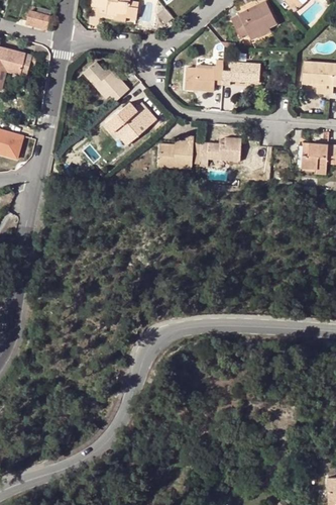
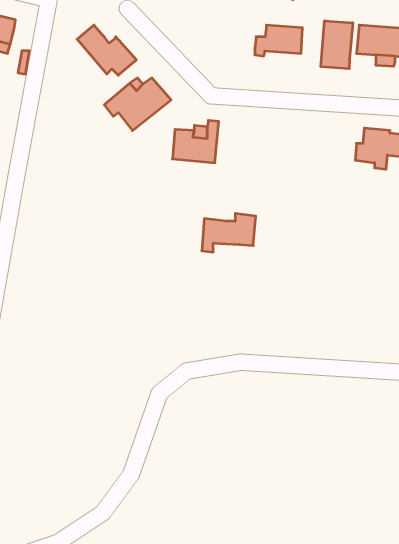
building: none -> [321,21,353,69]
building: [185,60,224,90] -> none
building: [199,136,241,167] -> [202,213,256,252]

